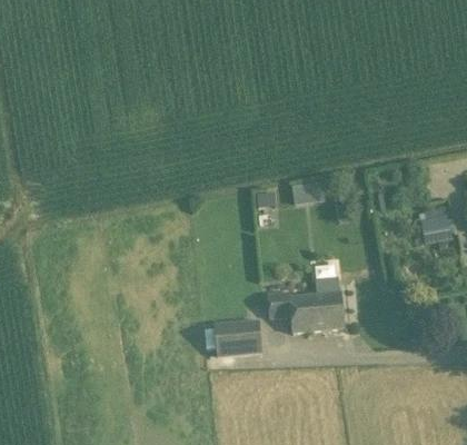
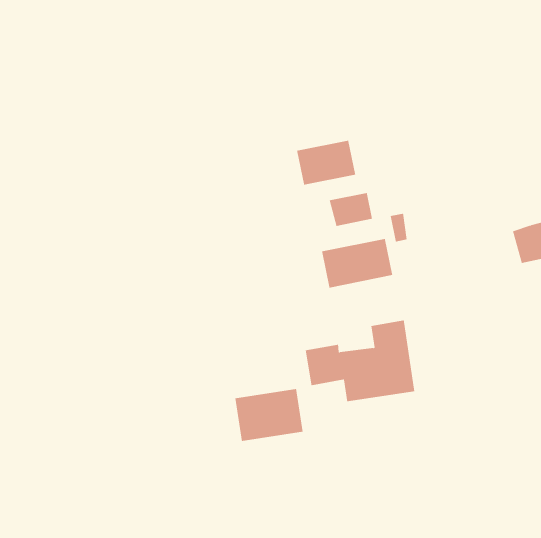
building: none -> [297,140,356,186]
building: none -> [321,238,393,288]

